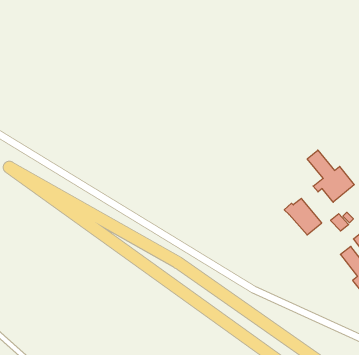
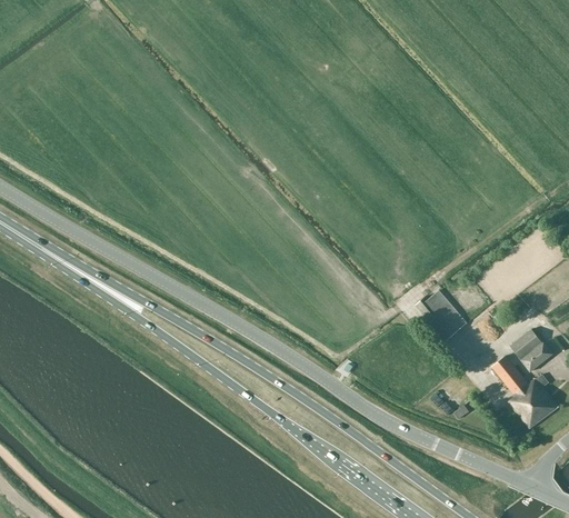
building: [307,150,354,202] -> none

